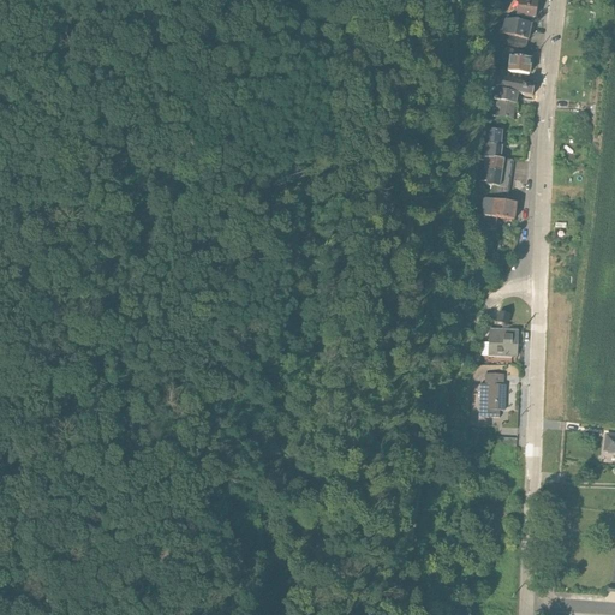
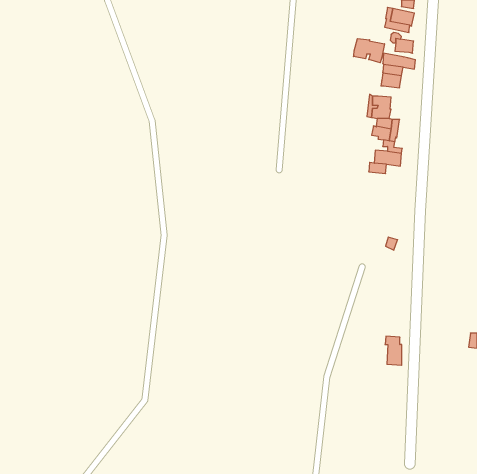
building: none -> [354,39,384,63]
building: [488,327,519,357] -> none
building: [484,372,506,410] -> [385,336,402,365]

